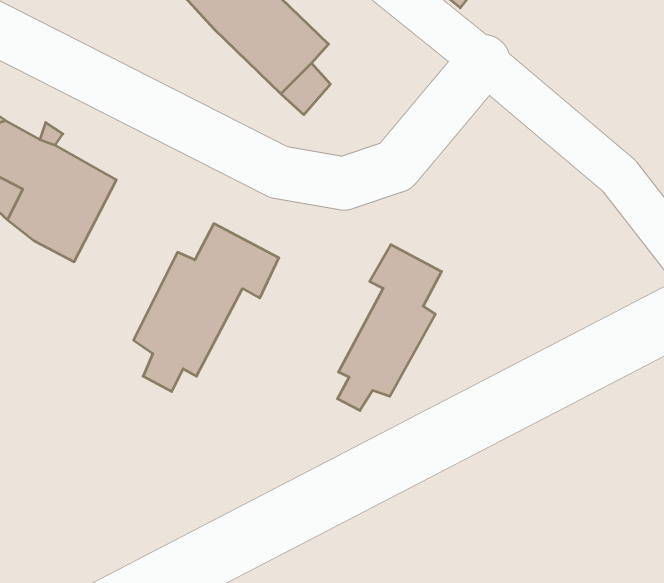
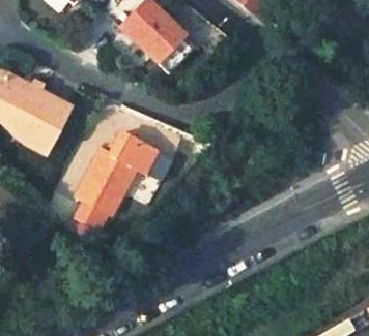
building: [337,245,442,411] -> none

